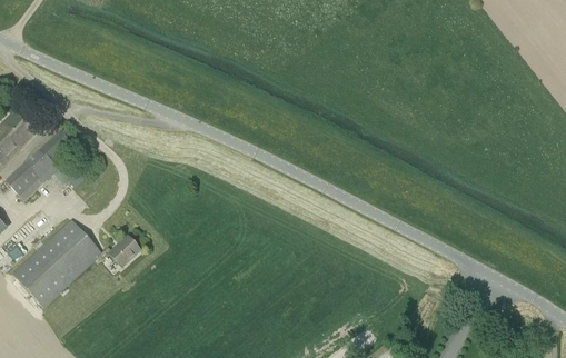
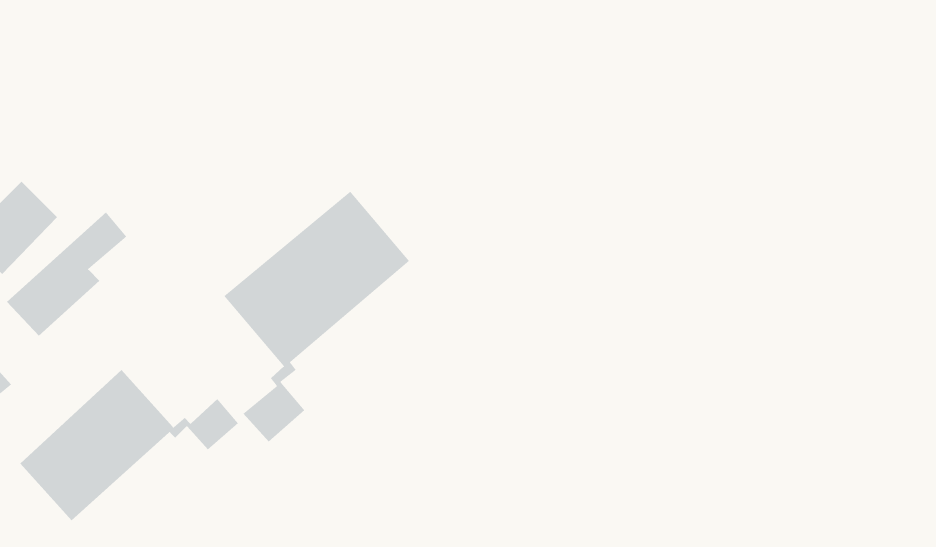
building: none -> [223,191,410,443]

